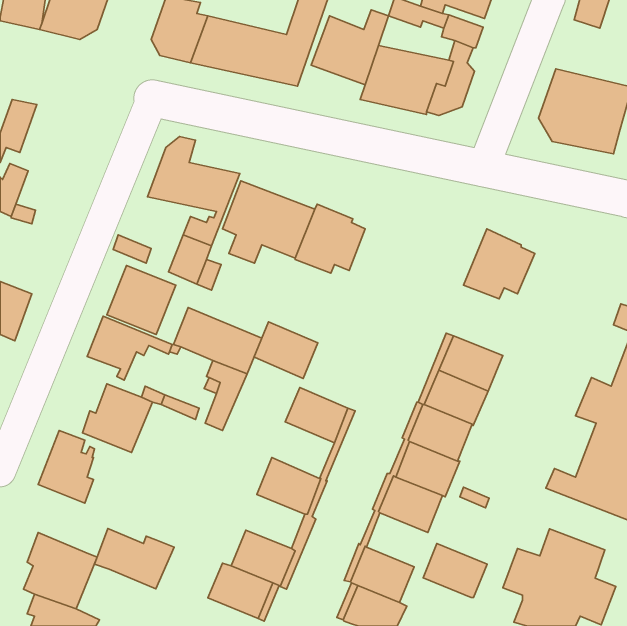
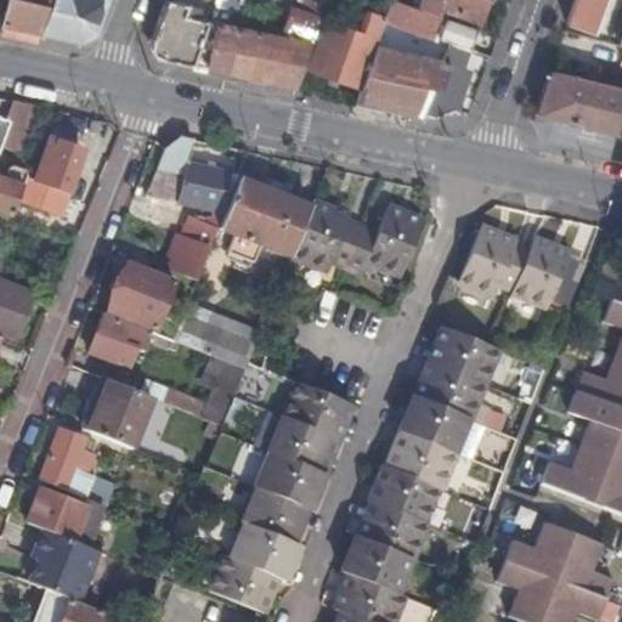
building: none -> [36,137,84,191]
building: none -> [346,207,424,276]
building: none -> [513,238,584,307]
building: [254,322,318,378] -> [268,417,332,473]
building: none -> [239,487,302,542]
building: [94,529,174,589] -> [24,486,103,545]
building: [423,543,487,597] -> [363,507,426,560]

